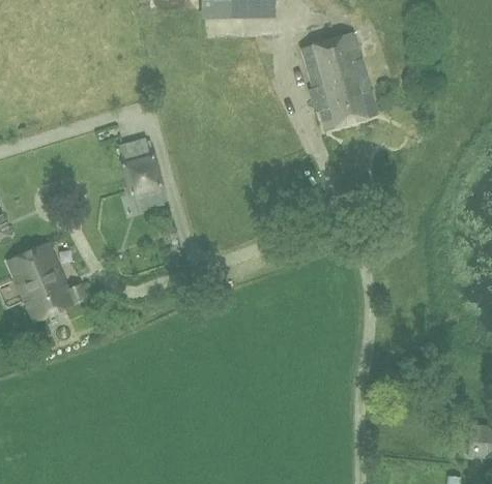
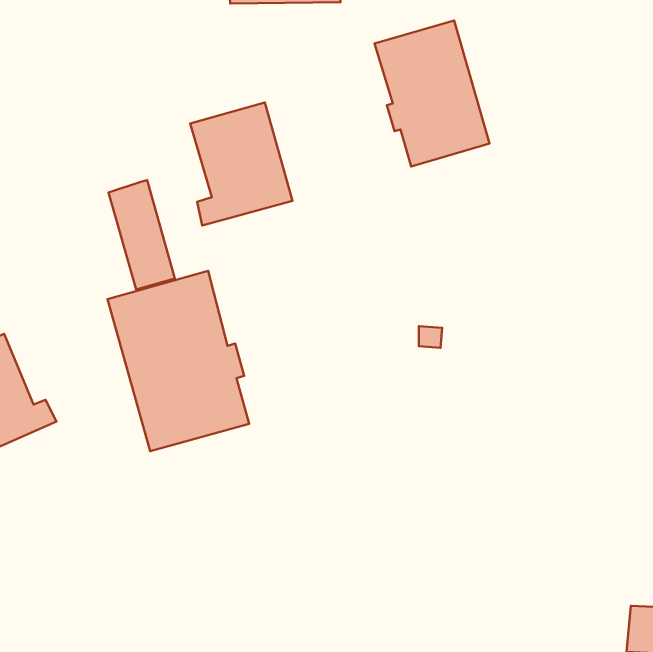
building: none -> [190,102,293,225]
building: none -> [107,271,249,451]

